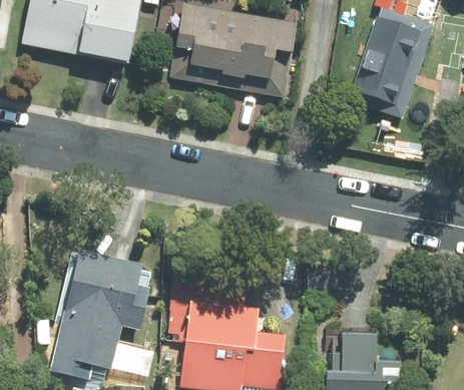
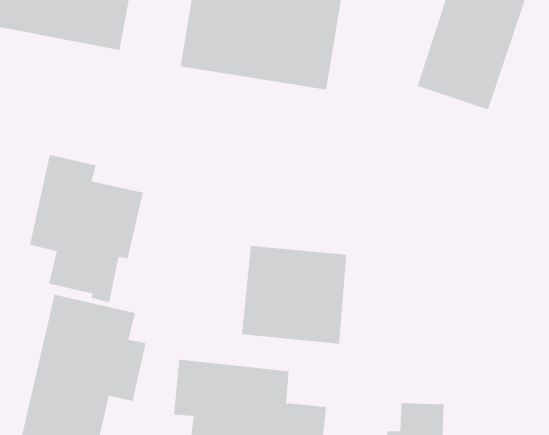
building: none -> [29,154,143,303]
building: none -> [242,245,347,344]

